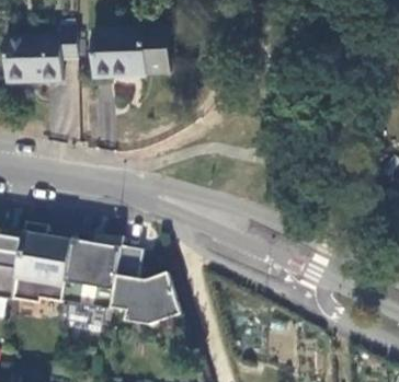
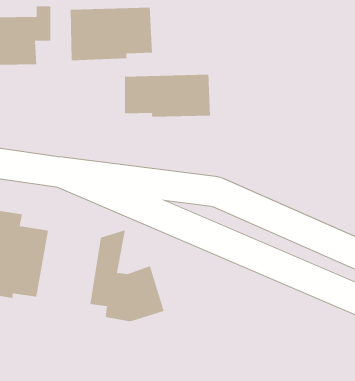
building: none -> [125,74,210,117]
building: [61,231,122,309] -> none

